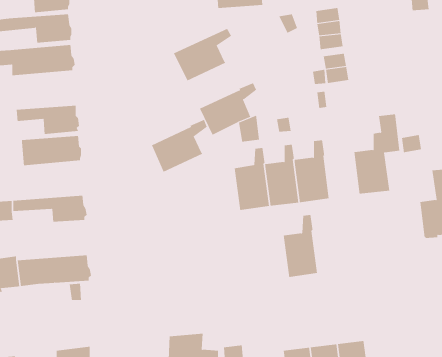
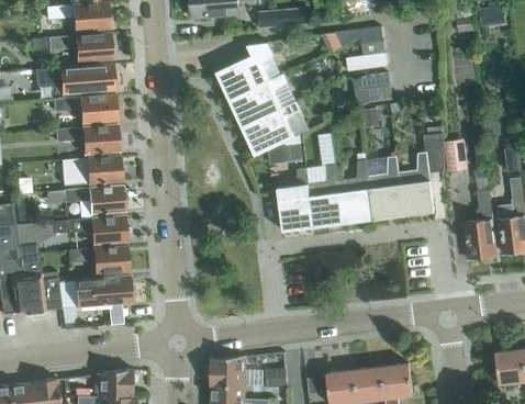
building: none -> [53,94,119,124]
building: [151,119,208,172] -> [230,75,287,128]
building: none -> [64,186,125,214]
building: [283,214,318,277] -> [368,156,403,220]
building: none -> [68,246,131,274]

